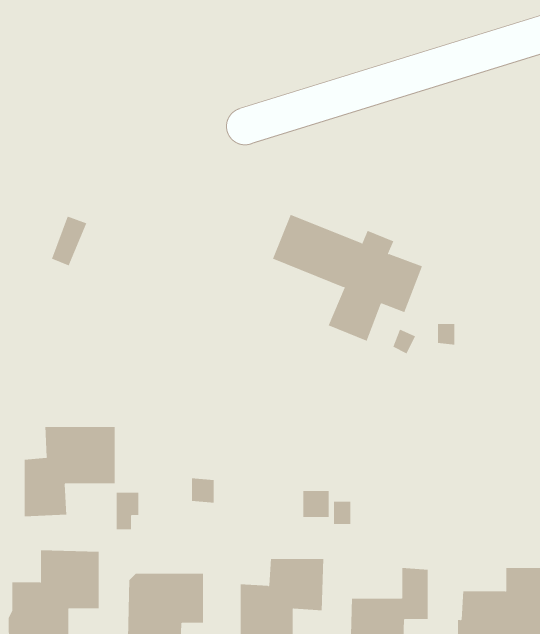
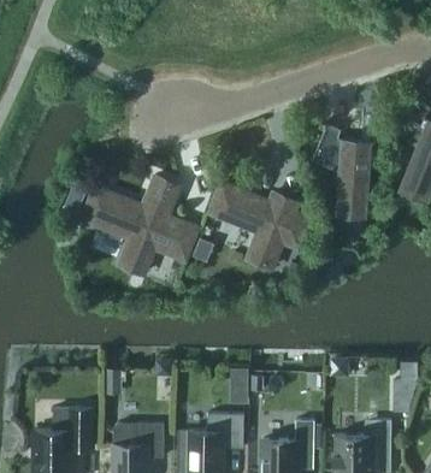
building: none -> [312,125,370,208]
building: none -> [81,178,197,276]
building: [24,426,115,517] -> none

